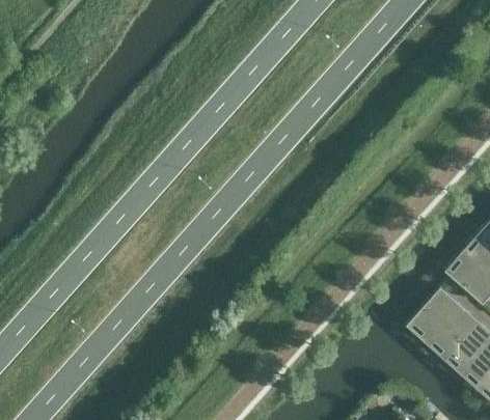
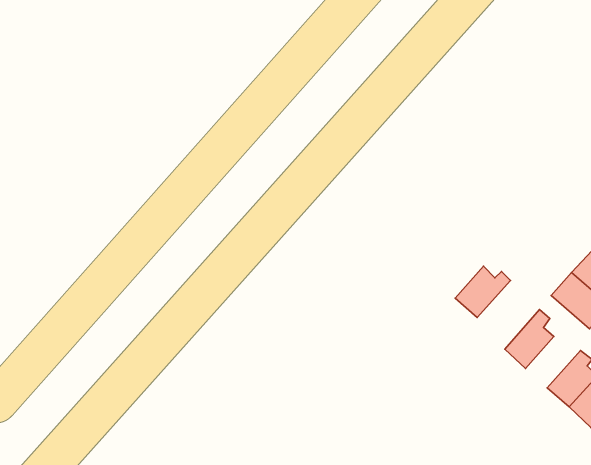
building: [428,310,472,352] -> [455,266,510,318]

